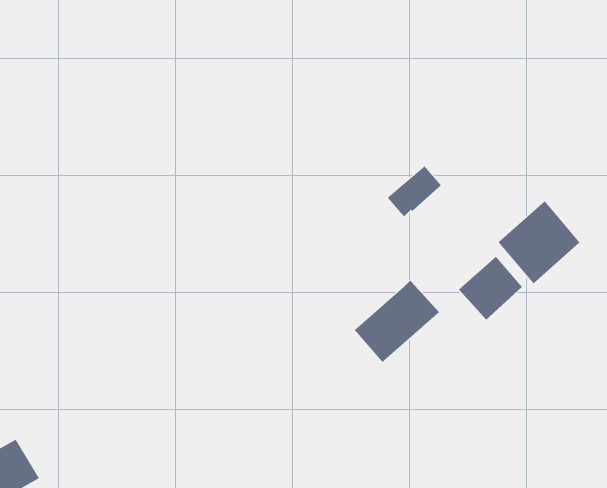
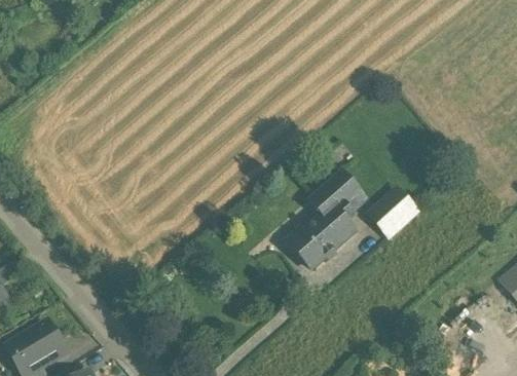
building: [387,165,442,218] -> [318,173,358,211]
building: [498,200,580,284] -> none

